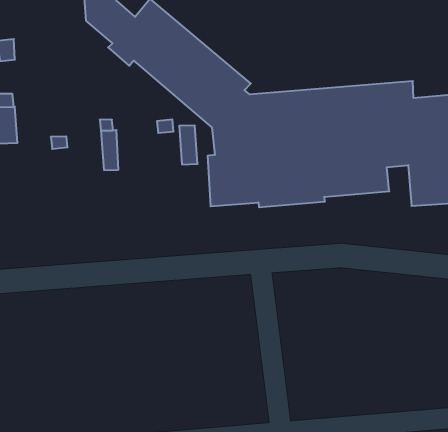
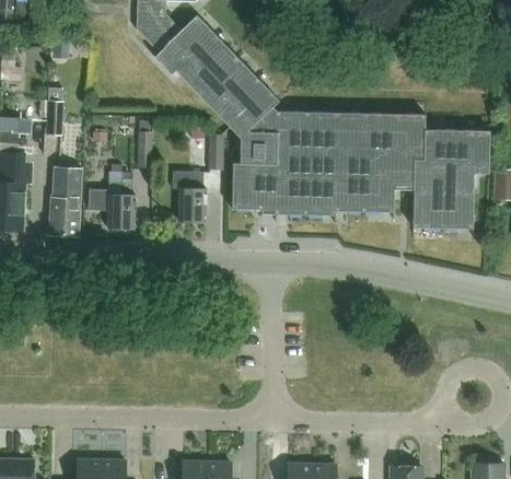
building: none -> [173,172,206,223]
building: none -> [88,171,135,230]
building: none -> [51,168,81,236]

